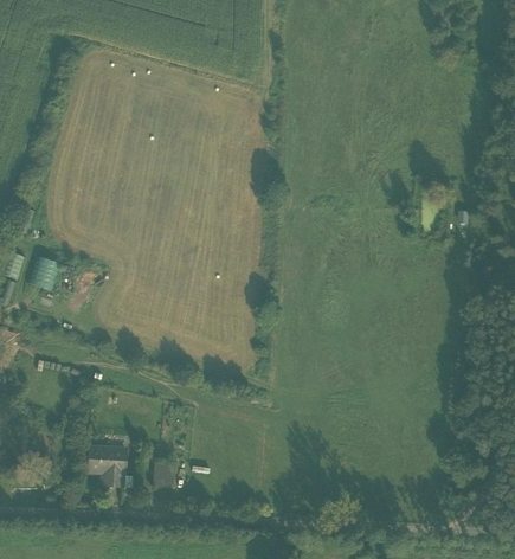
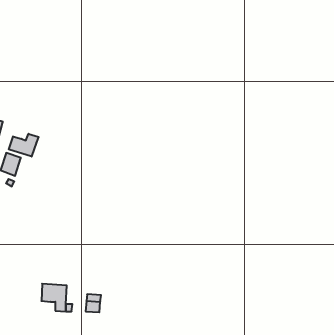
building: none -> [9,134,39,157]

